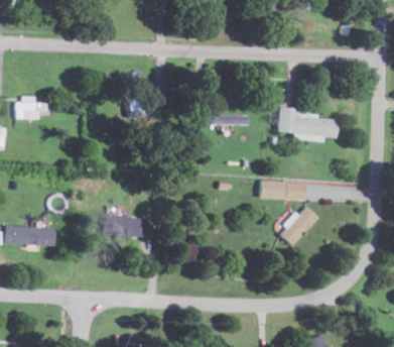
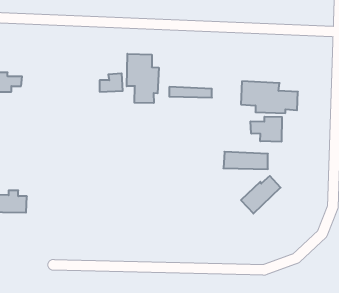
building: none -> [127,54,159,103]
building: none -> [251,117,282,142]
building: [102,213,145,240] -> none

